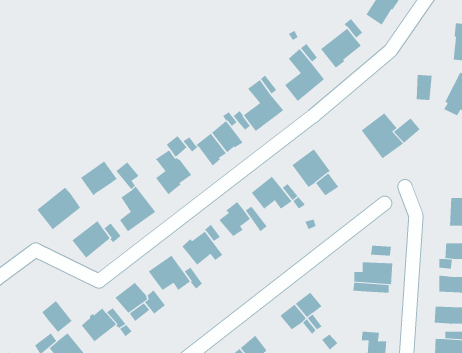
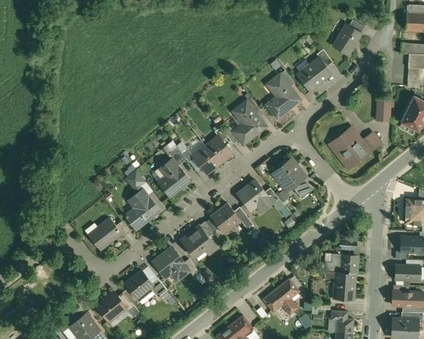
building: [80,160,117,196] -> none
building: [36,187,81,230] -> none
building: none -> [333,279,354,299]
building: [41,300,73,333] -> none

